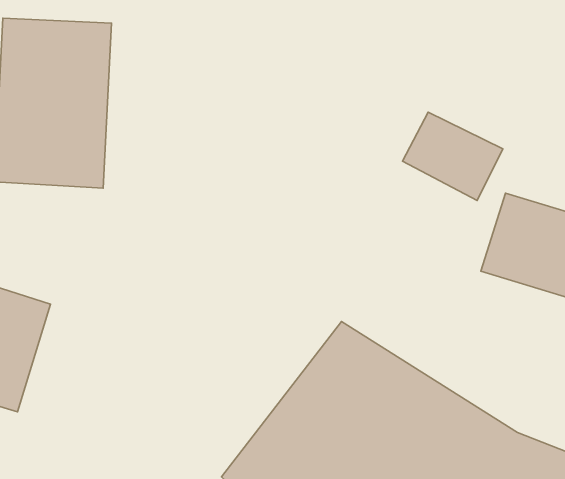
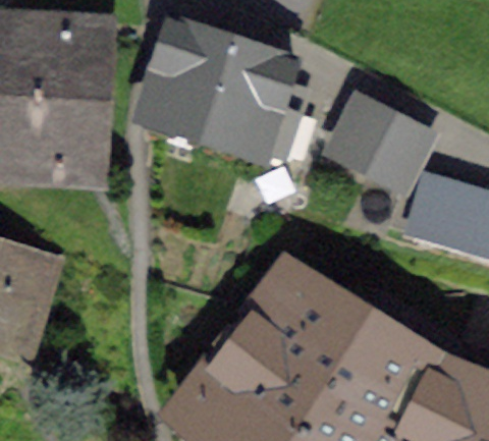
building: none -> [141,9,305,146]

